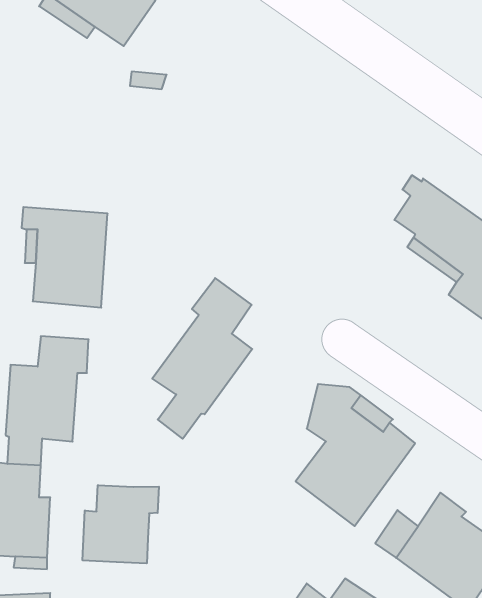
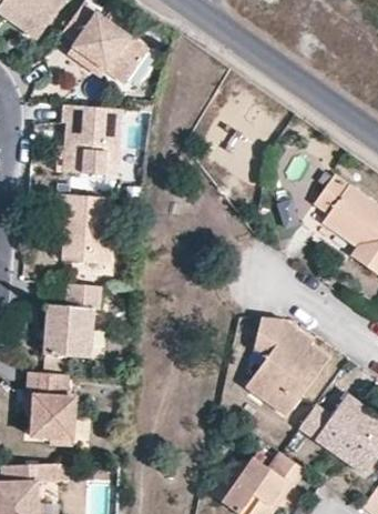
building: none -> [55,105,122,175]
building: [152,278,252,439] -> none
building: [83,485,159,563] -> none

